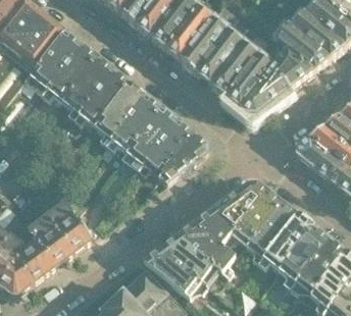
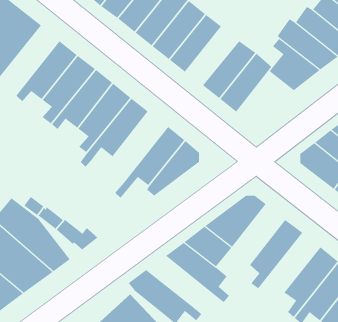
building: [34,31,82,93] -> none
building: [194,32,242,84] -> none
building: [240,71,291,114] -> none
building: [130,107,179,170] -> none
building: [227,190,283,246] -> none
building: [259,215,314,271] -> none
building: [159,235,224,282] -> none

